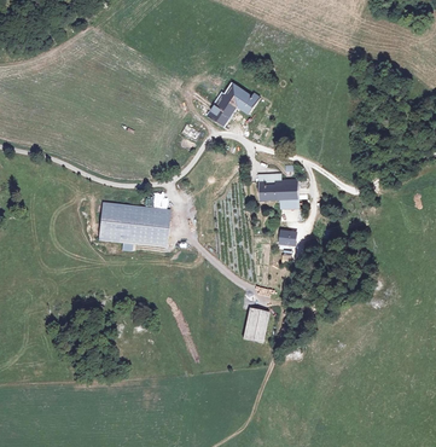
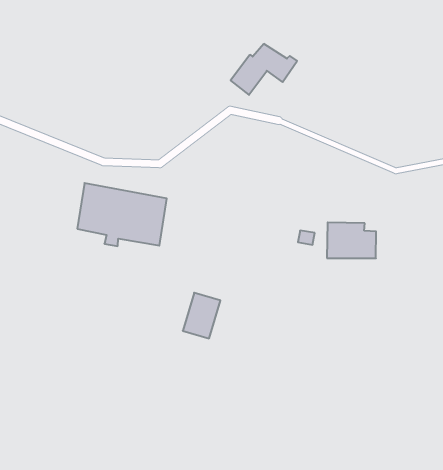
building: [258,170,300,201] -> [327,222,376,258]
building: [240,308,269,344] -> [183,293,220,338]

